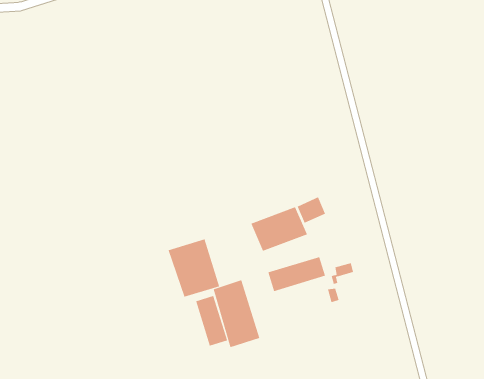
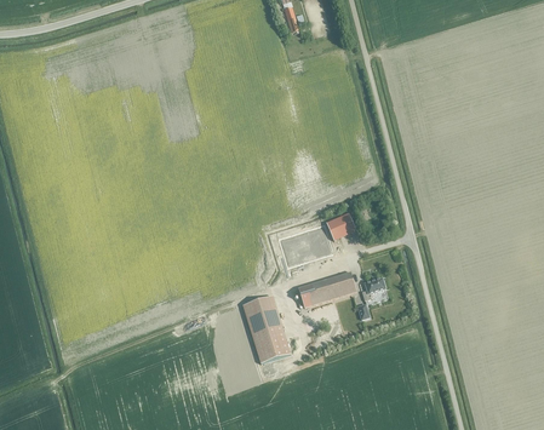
building: [168,239,220,297] -> none
building: [195,295,228,346] -> none

